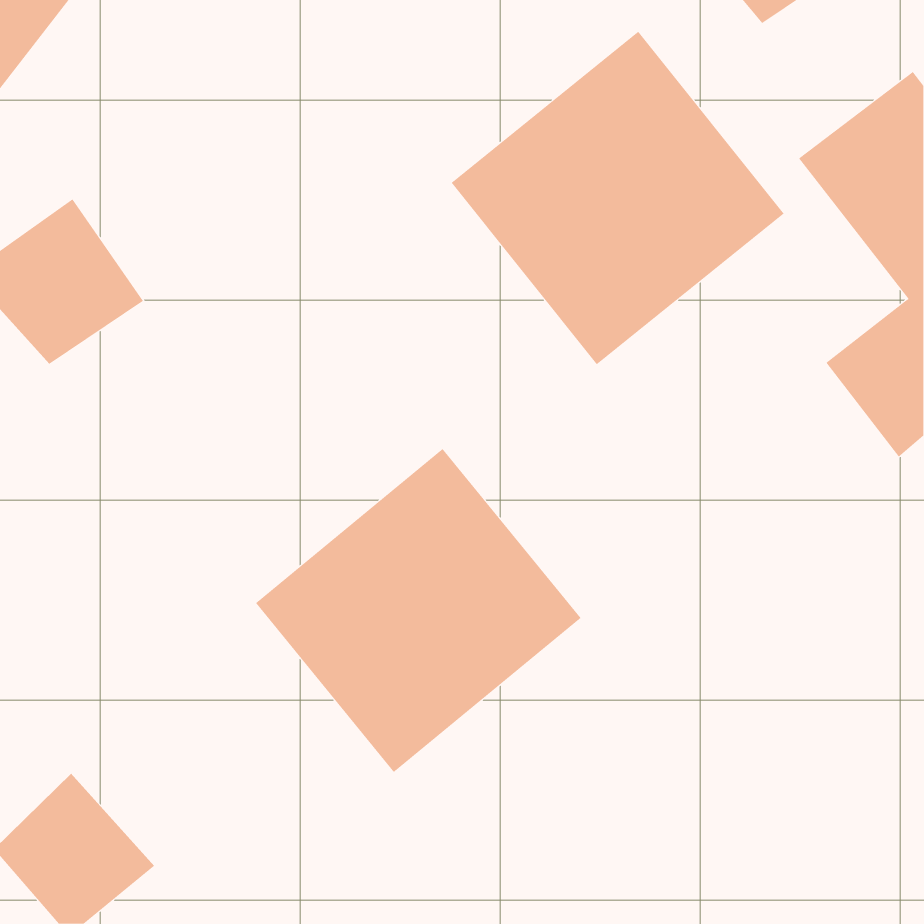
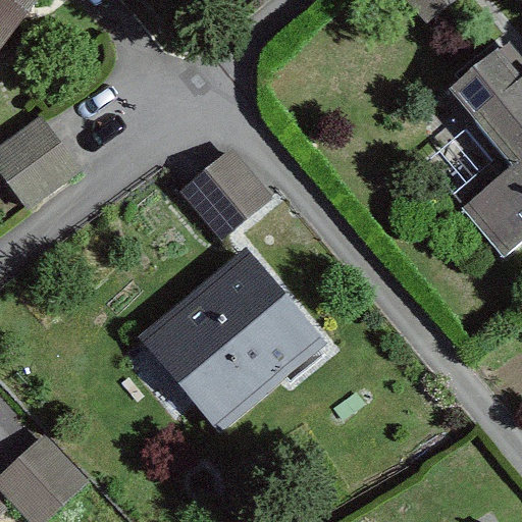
building: [451,31,785,365] -> none
building: none -> [182,148,275,234]

